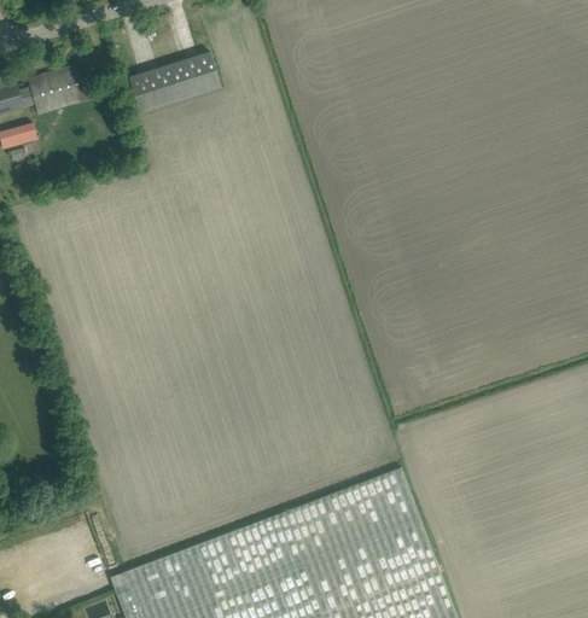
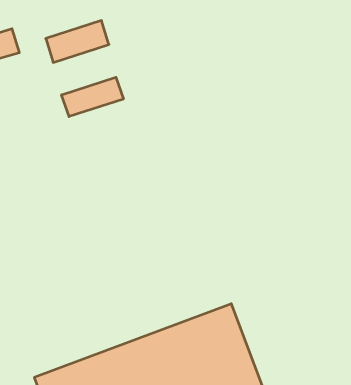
building: none -> [62,77,123,117]

